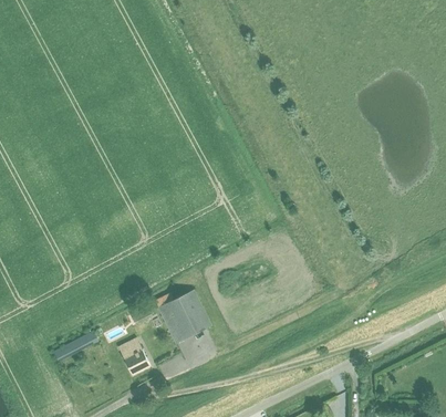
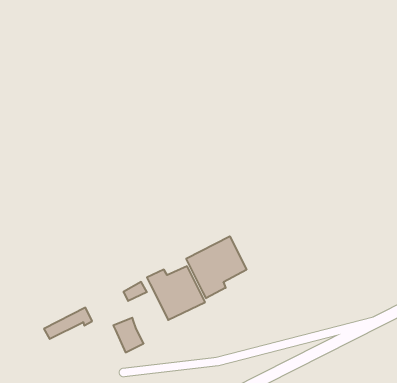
building: none -> [186,236,246,298]

